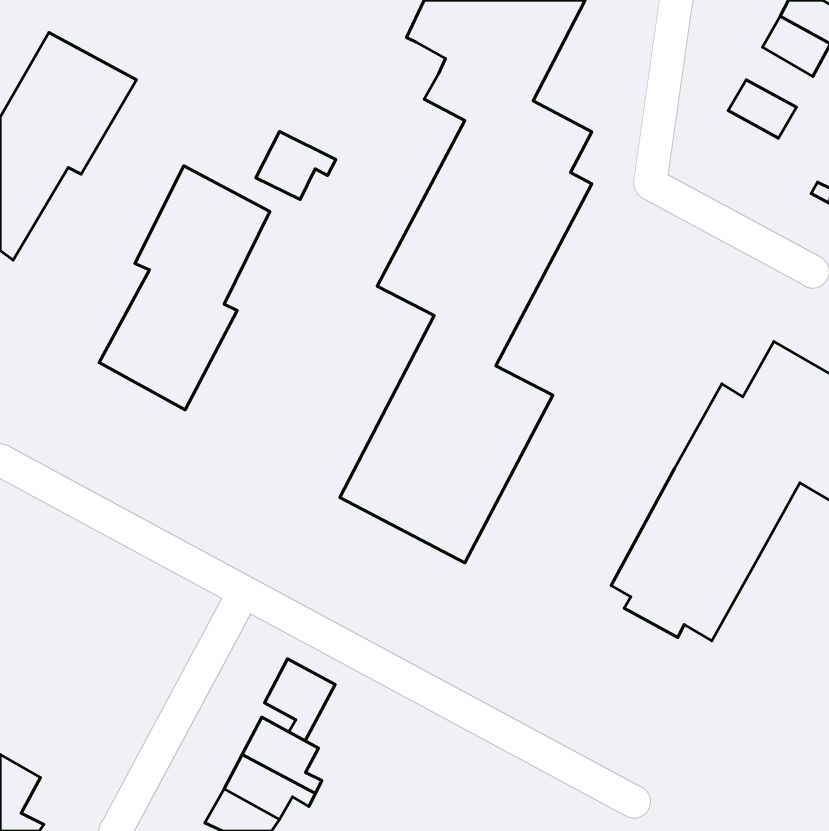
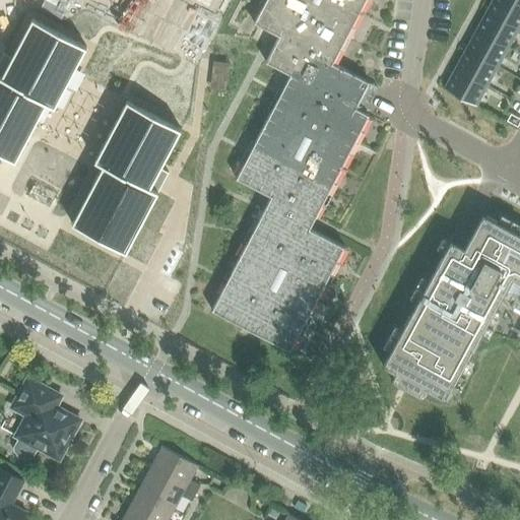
building: none -> [467,29,509,67]
building: none -> [446,69,488,106]
building: [256,131,336,199] -> none
building: none -> [16,381,82,459]
building: [265,659,335,741] -> none

